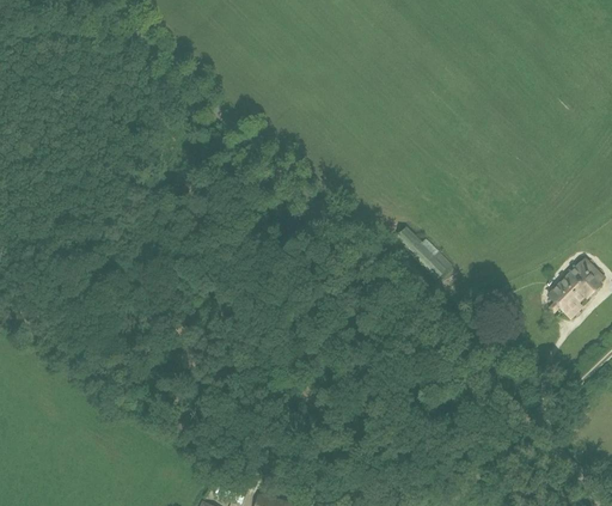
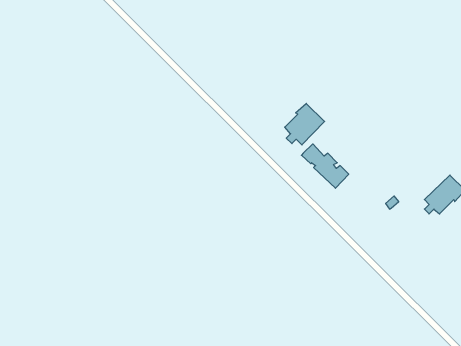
building: none -> [285,103,325,145]

